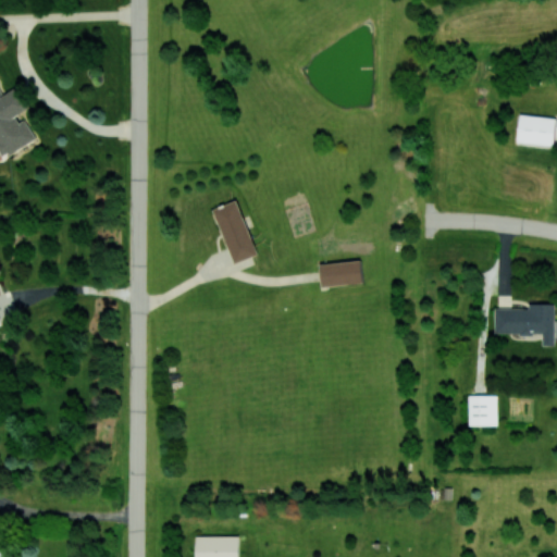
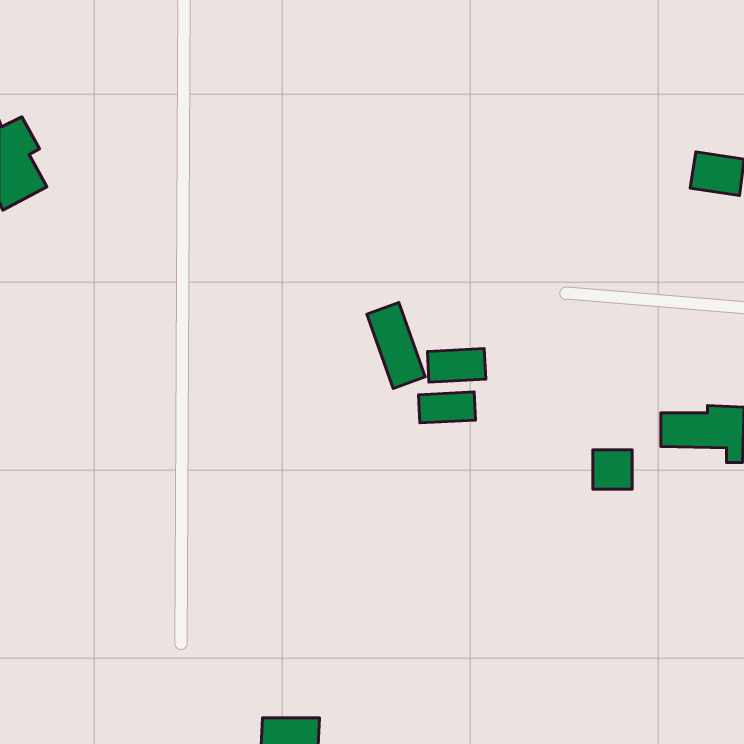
building: [212,200,256,264] -> [367,302,425,389]
building: none -> [418,392,476,423]
building: [468,396,497,425] -> [593,450,632,489]

